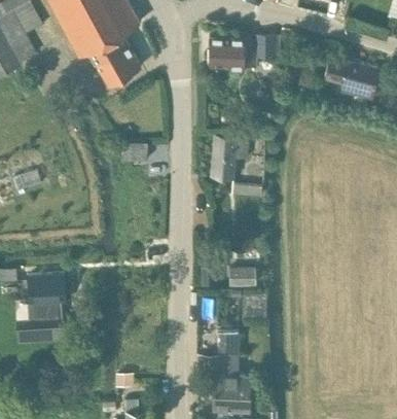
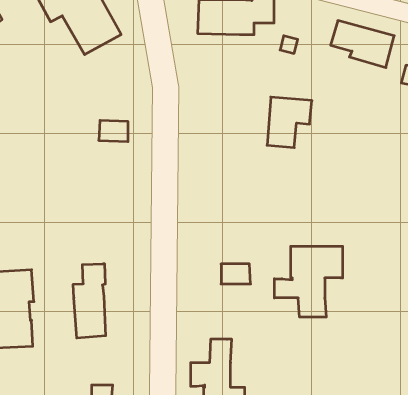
building: [210,136,249,180] -> [267,97,312,148]
building: none -> [274,246,343,317]
building: none -> [73,264,106,338]

